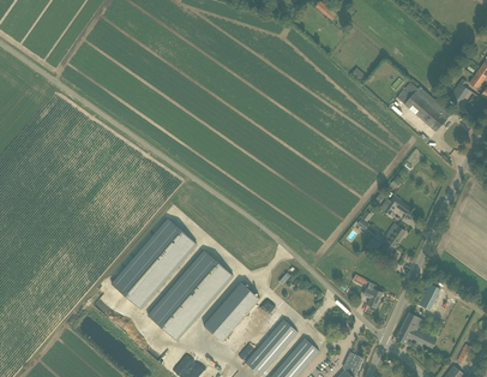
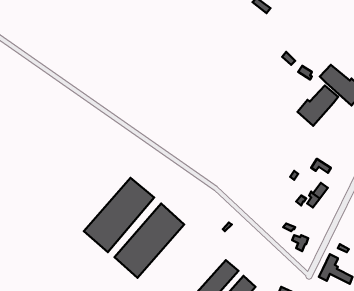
building: none -> [297,86,338,126]
building: [203,282,259,341] -> none

